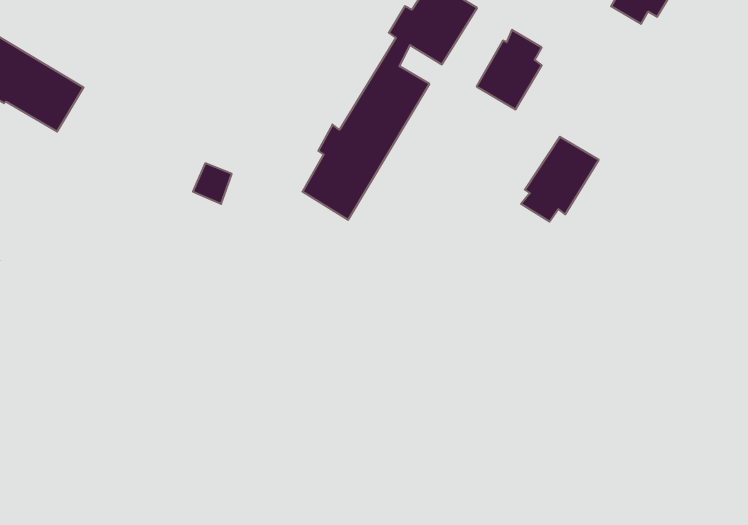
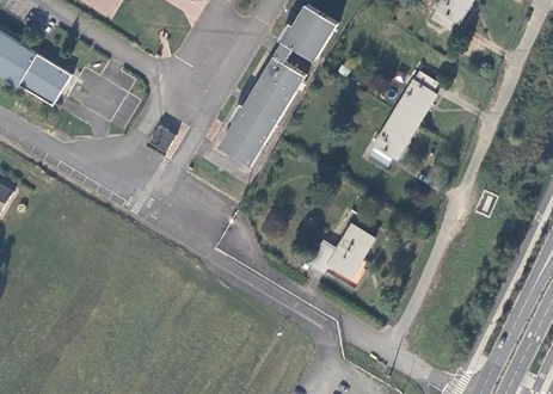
building: [477,30,542,109] -> [394,70,438,124]
building: none -> [305,224,373,278]

